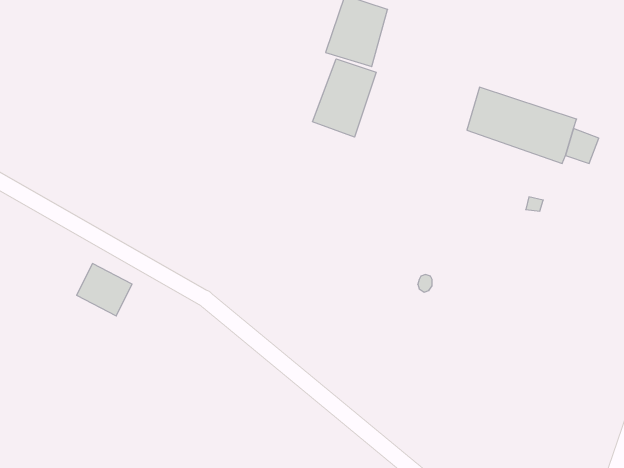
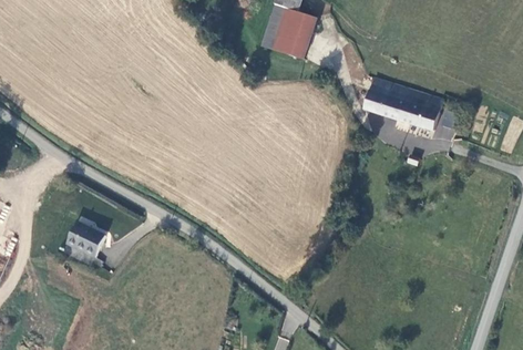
building: [312,59,376,137] -> none
building: [77,264,132,316] -> [63,225,102,261]

